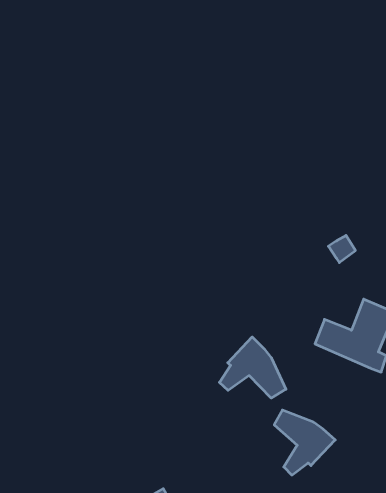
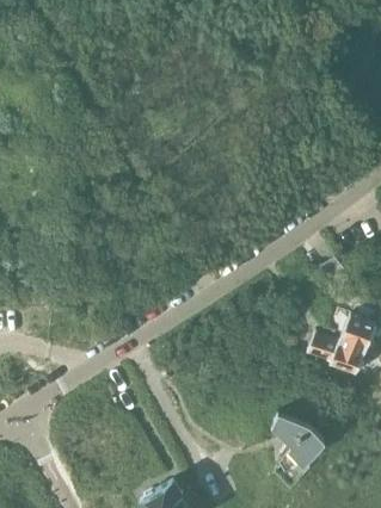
building: [219,337,286,398] -> none

